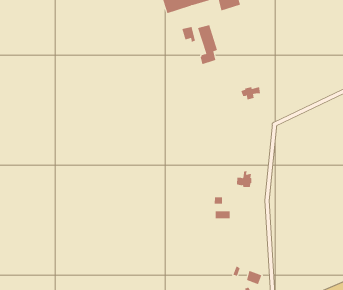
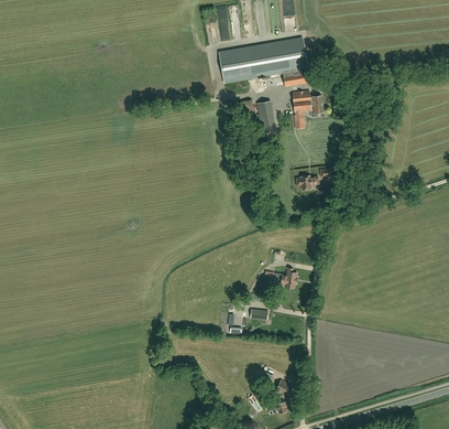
building: none -> [293,89,324,128]

